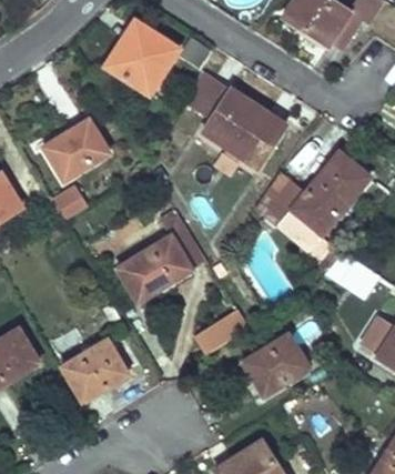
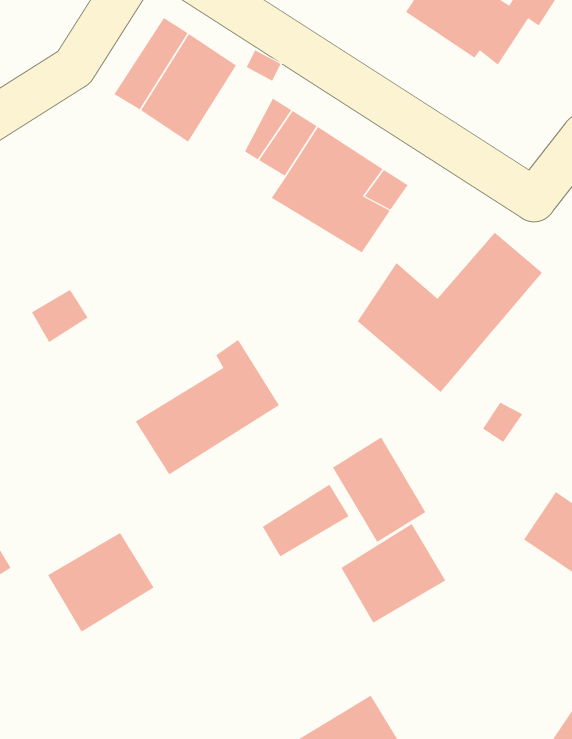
building: [43,119,111,181] -> none
building: none -> [332,436,426,543]

